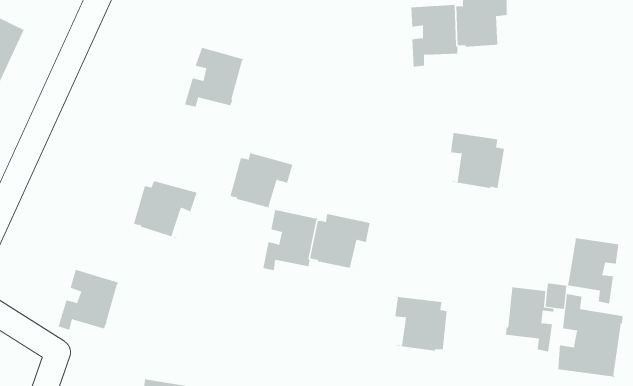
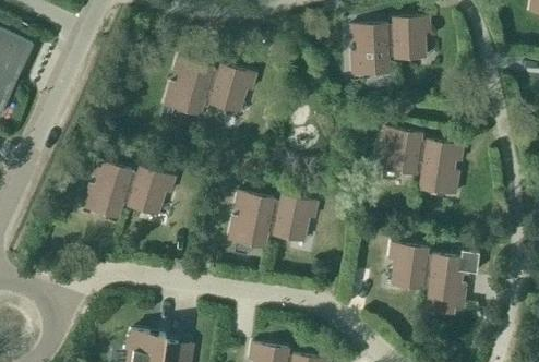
building: [229,152,293,210] -> [203,65,255,112]
building: [567,238,619,304] -> [420,141,463,195]
building: [58,269,119,330] -> [82,160,132,210]
building: [558,293,623,378] -> none
building: [394,296,448,351] -> [388,244,432,289]

